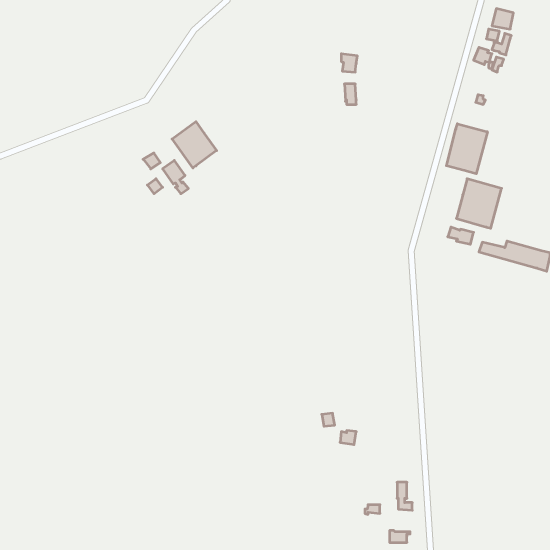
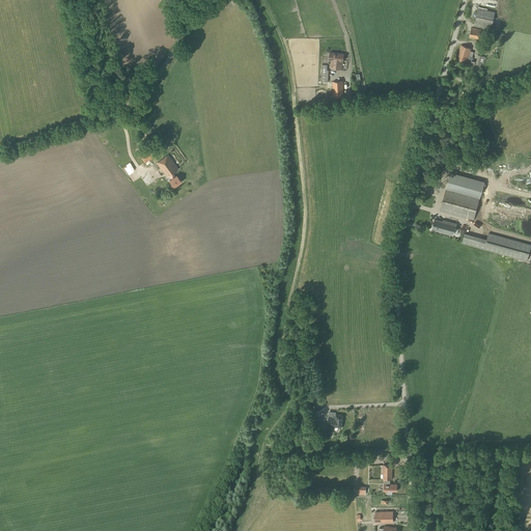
building: [172,122,217,168] -> none
building: [446,124,487,174] -> none

